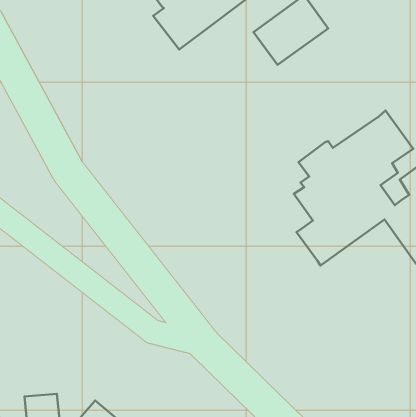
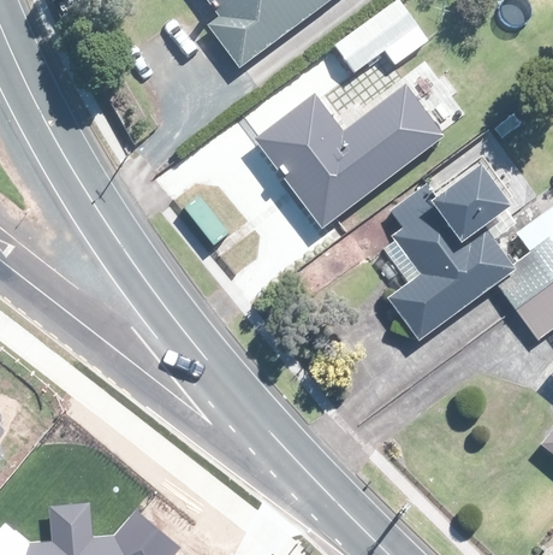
building: none -> [255,84,445,229]

